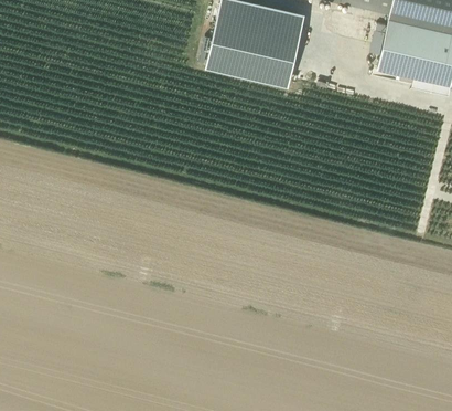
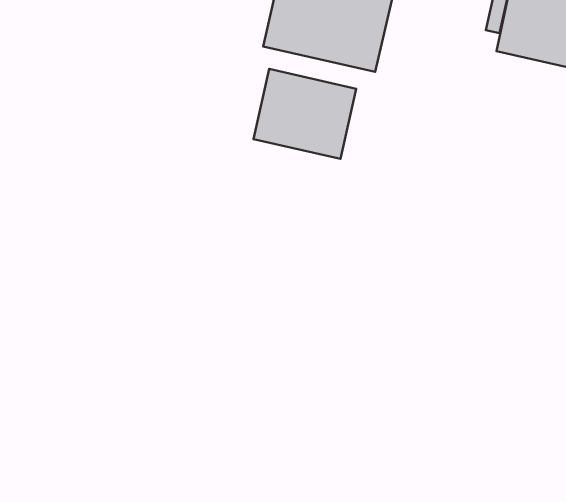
building: none -> [253,69,356,159]

